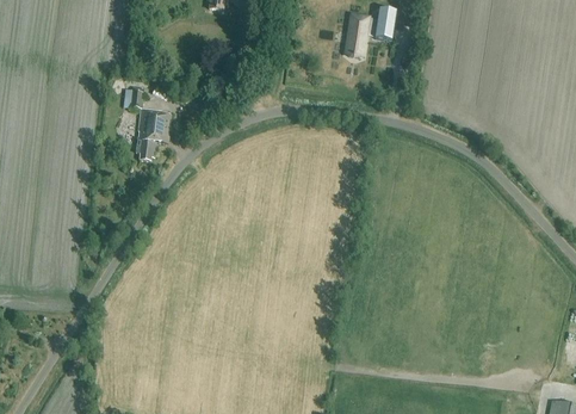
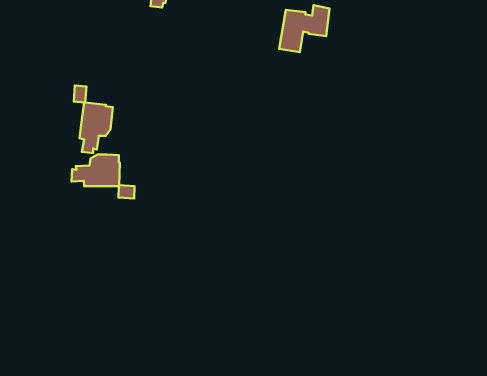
building: none -> [72,154,135,199]

